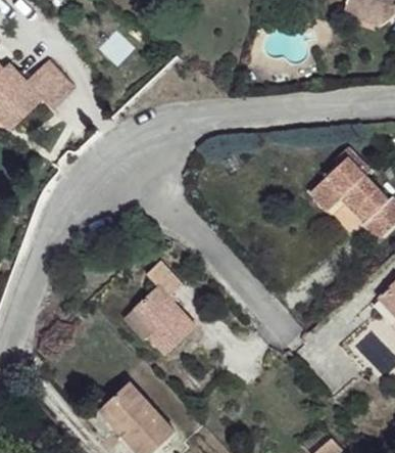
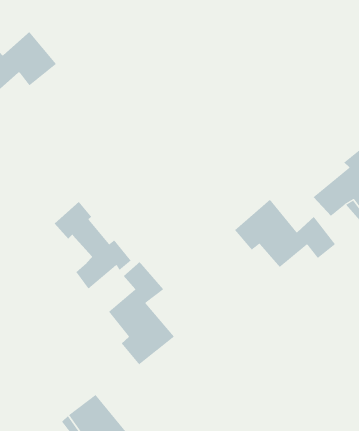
building: none -> [234,199,336,268]
building: none -> [54,201,132,290]

